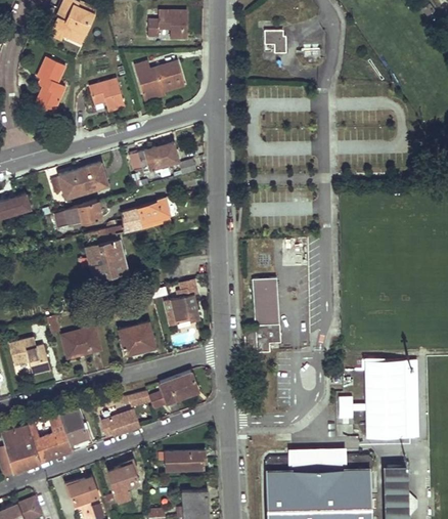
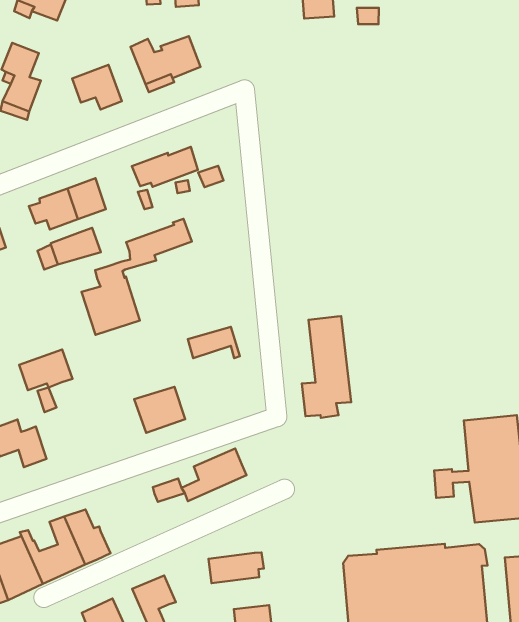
building: [165,295,199,323] -> none
building: [62,327,101,355] -> [19,349,72,390]
building: [102,412,139,435] -> none

